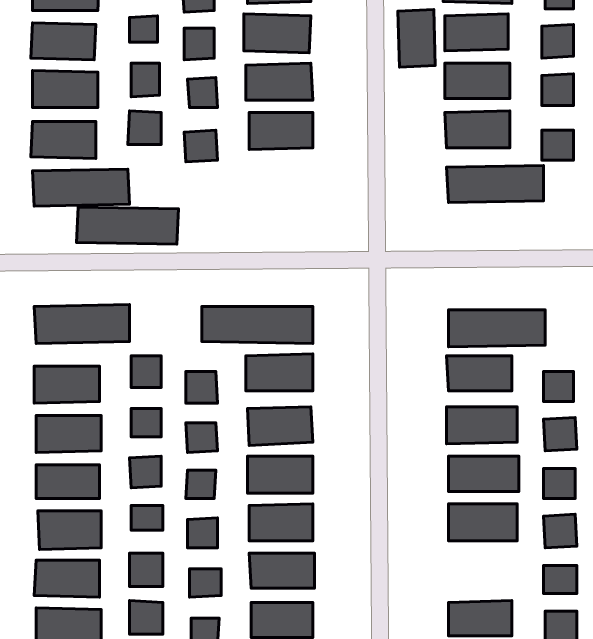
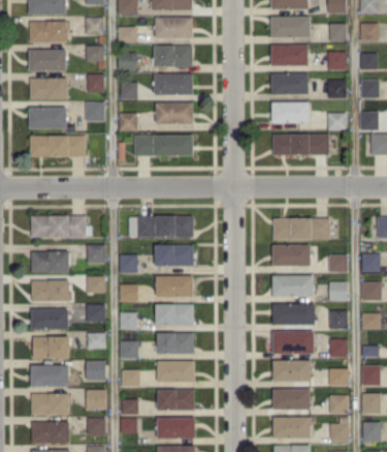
building: [398,9,435,67] -> none
building: [76,207,179,244] -> [133,134,193,156]
building: none -> [271,360,311,382]

